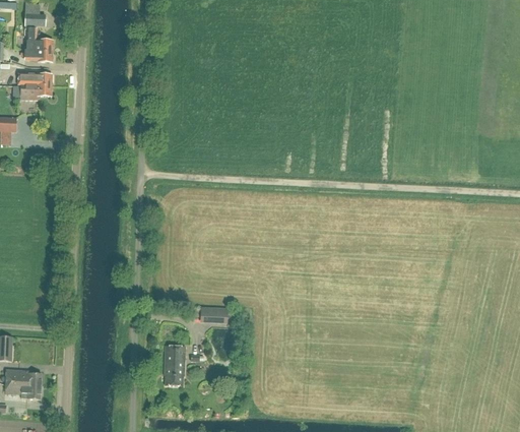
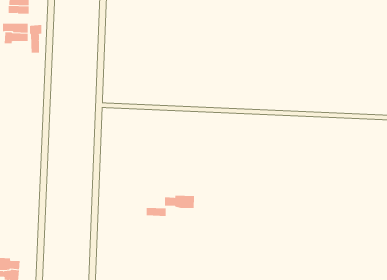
building: none -> [30,24,42,53]
building: none -> [165,195,194,209]
building: [164,346,184,385] -> none

